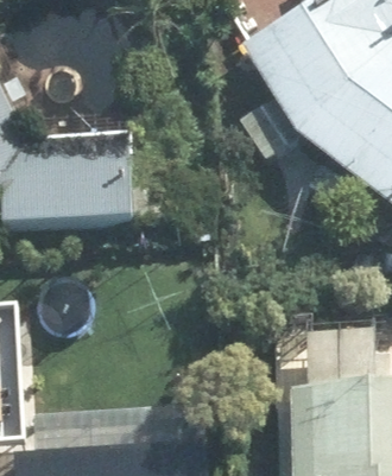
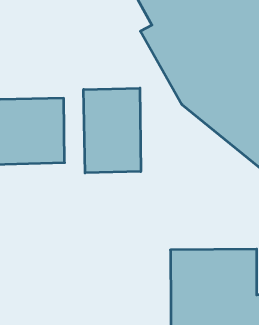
building: none -> [84,88,141,173]

